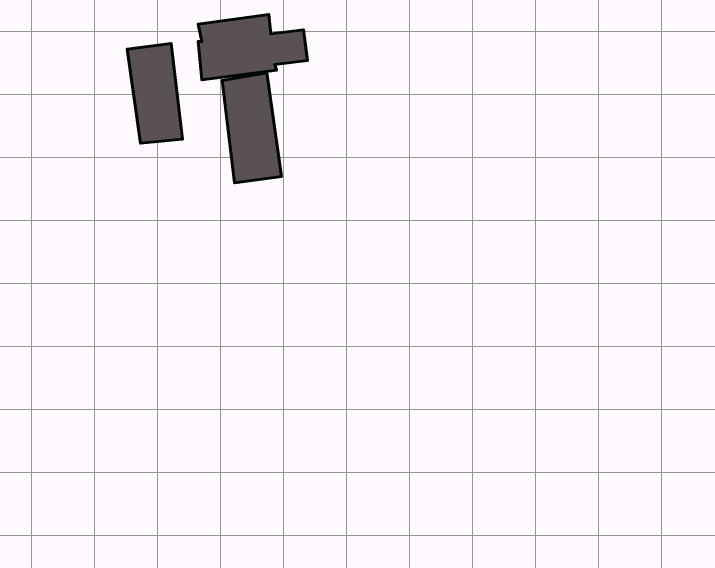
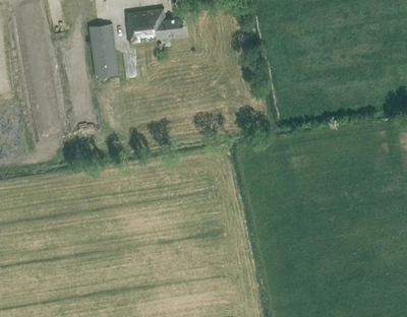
building: [222,73,281,183] -> none

